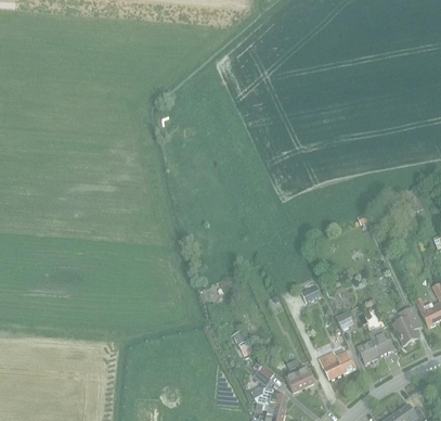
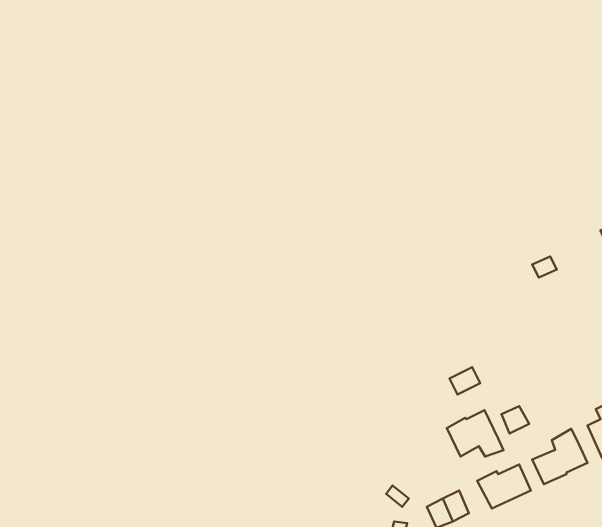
building: none -> [447,410,503,457]

